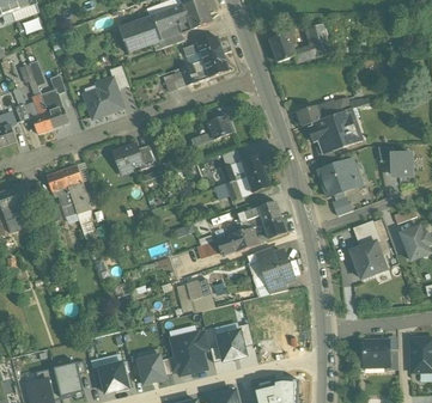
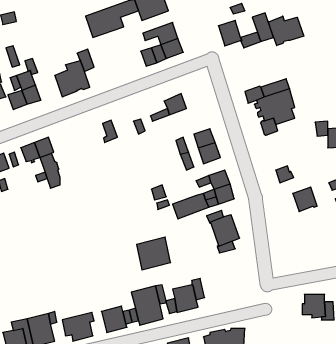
building: none -> [268,16,304,46]
building: [112,144,142,171] -> none
building: [318,160,360,195] -> none
building: [351,242,385,277] -> none

